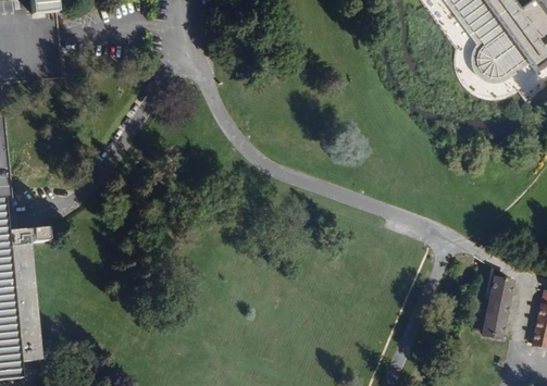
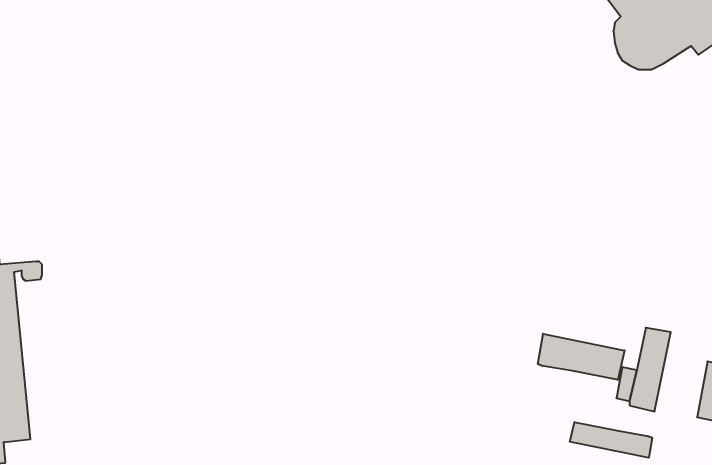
building: none -> [538,334,625,380]
building: none -> [570,422,652,458]

